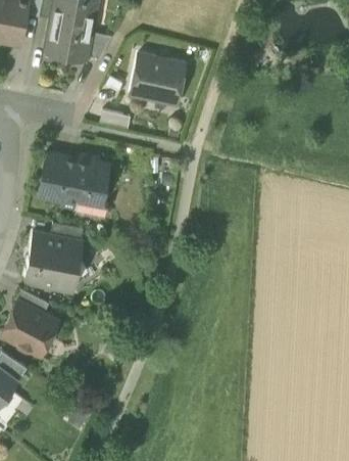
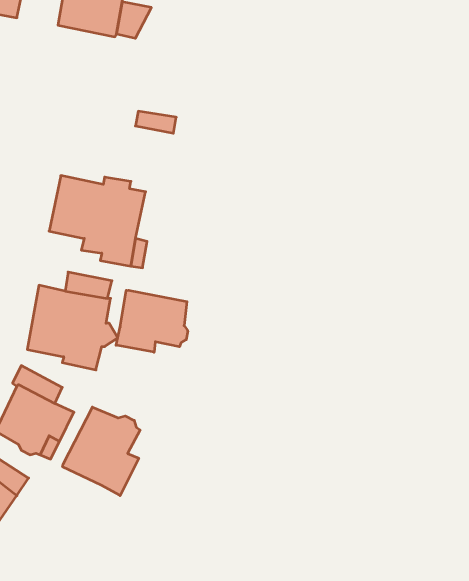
building: [131,54,185,101] -> none
building: none -> [116,290,188,352]
building: none -> [63,407,140,496]

